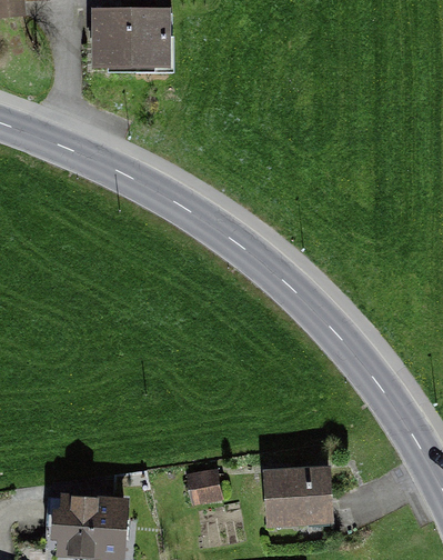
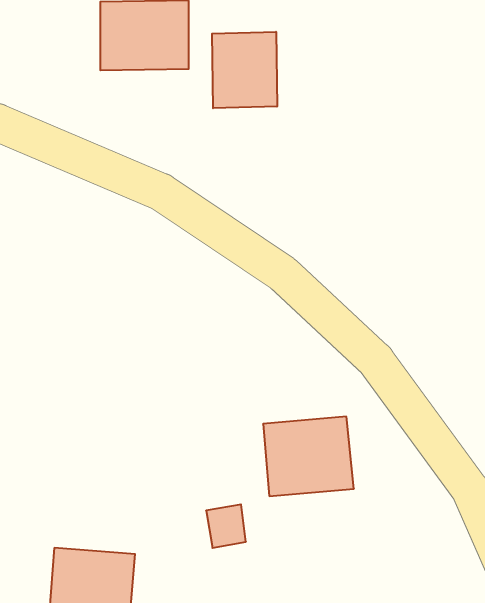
building: none -> [212,32,277,108]
building: [249,460,330,531] -> [263,417,354,496]

